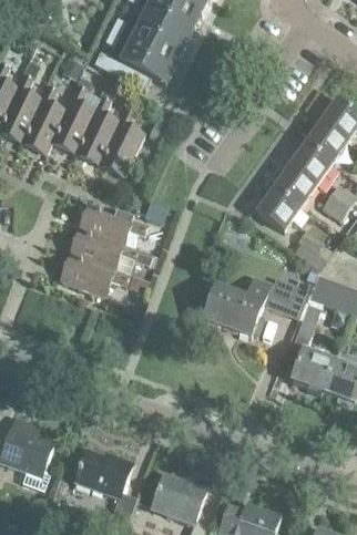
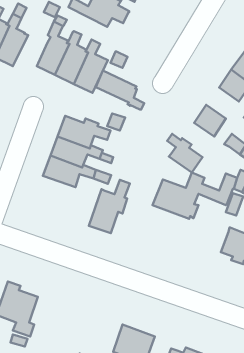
building: [21,82,65,151] -> none
building: none -> [96,71,144,110]
building: [272,166,314,206] -> none
building: none -> [167,134,202,173]
building: none -> [89,180,130,233]
building: [72,446,133,498] -> none

